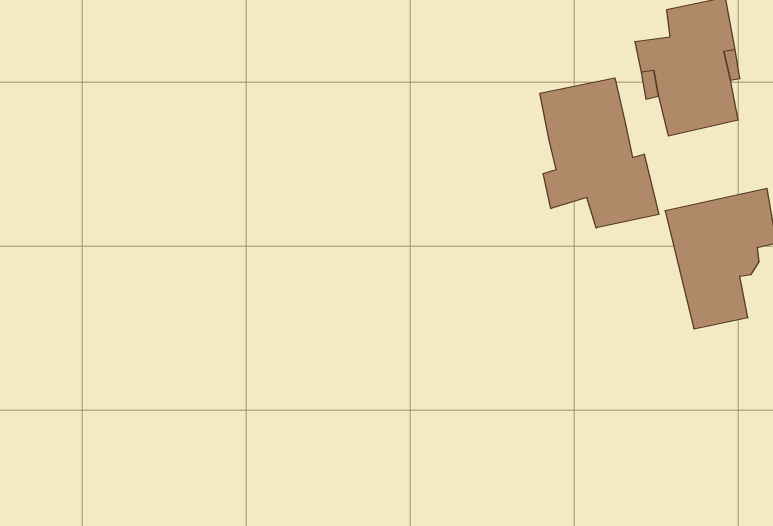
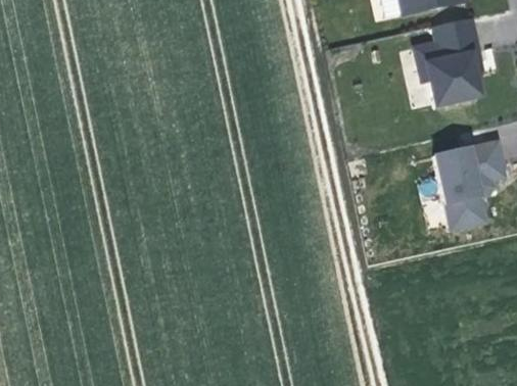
building: [540,78,659,228] -> none

